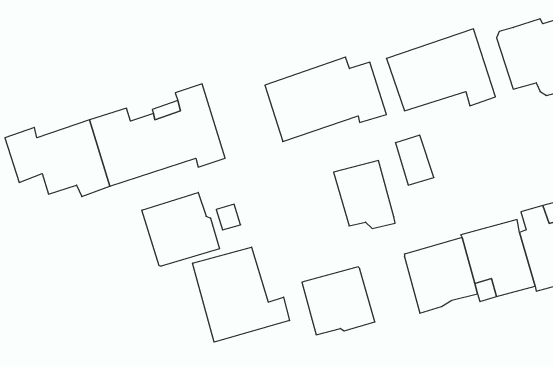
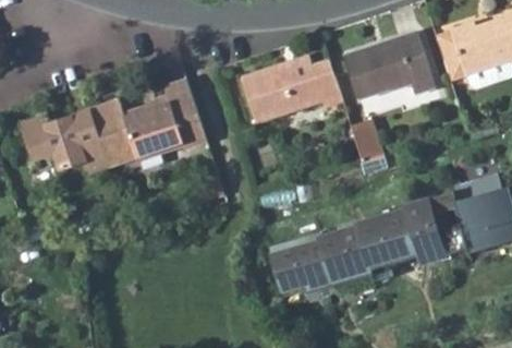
building: [334,161,395,228] -> [319,225,371,283]
building: [142,192,219,266] -> none
building: [193,247,290,342] -> none

